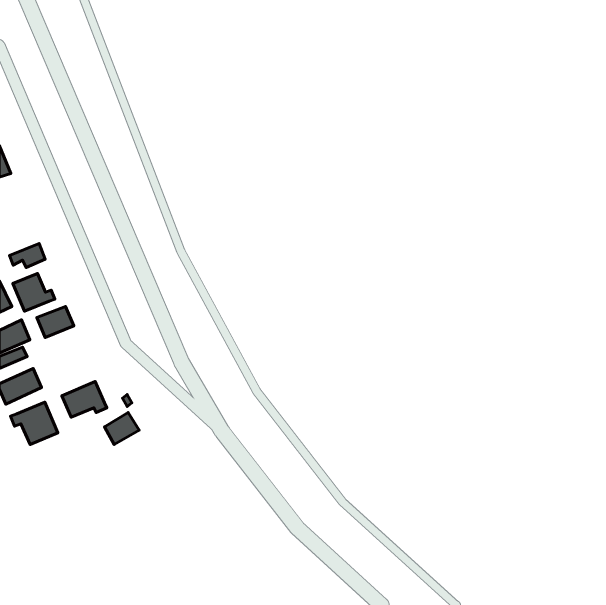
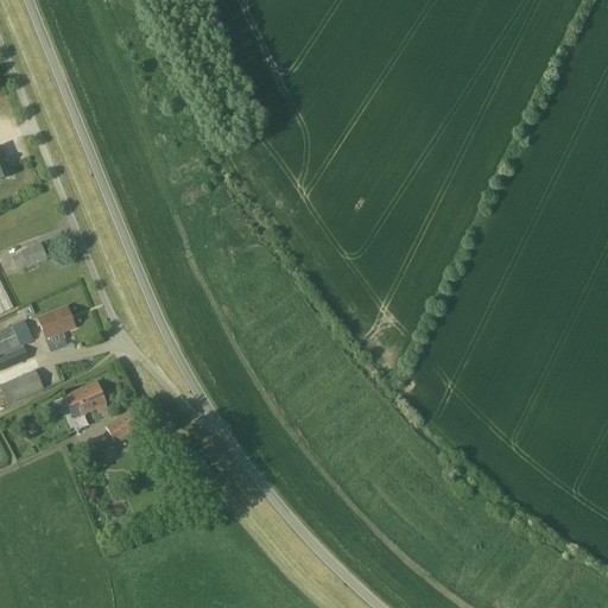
building: [13,273,55,311] -> none
building: [10,402,58,445] -> none

